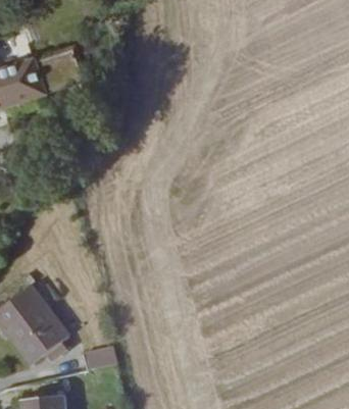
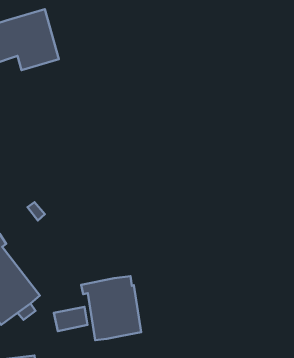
building: none -> [81,276,141,340]

